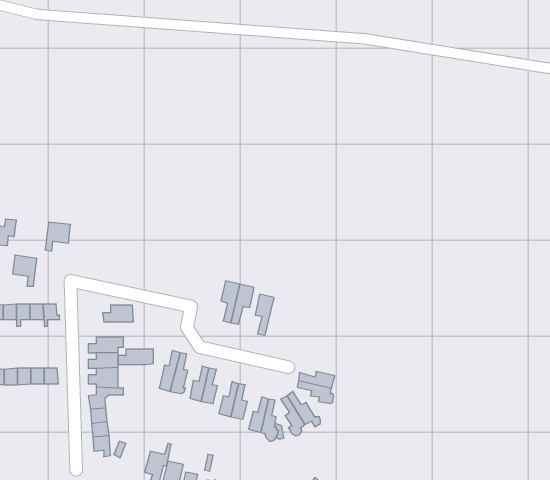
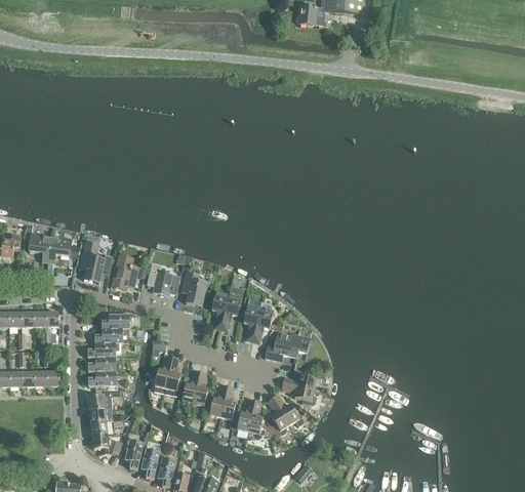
building: none -> [78,247,105,282]
building: none -> [110,255,138,287]
building: none -> [147,262,179,294]
building: [13,255,37,286] -> [28,233,50,261]
building: none -> [180,271,206,305]
building: none -> [251,301,276,342]
building: none -> [265,331,310,360]
building: [118,349,153,364] -> [94,328,127,342]
building: none -> [124,439,146,468]

